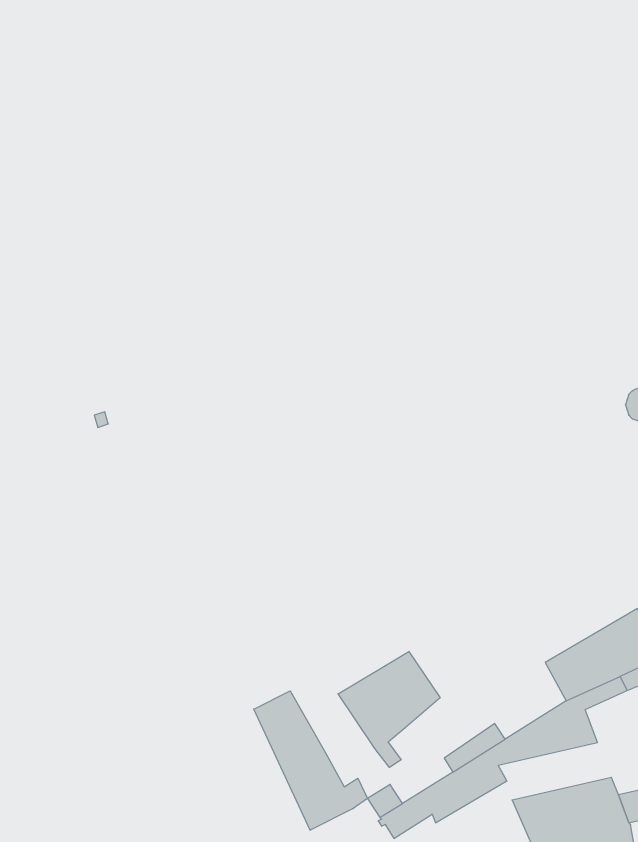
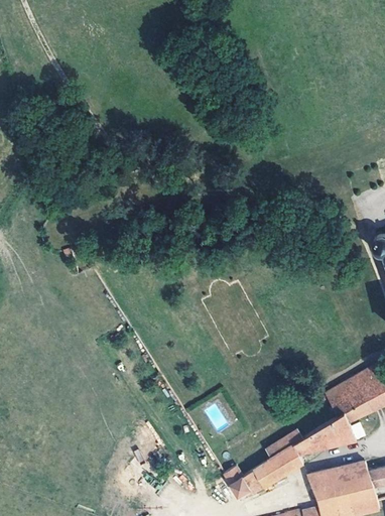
building: [338,651,440,767] -> none
building: [254,691,368,830] -> none

